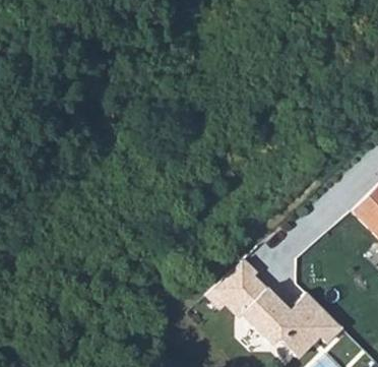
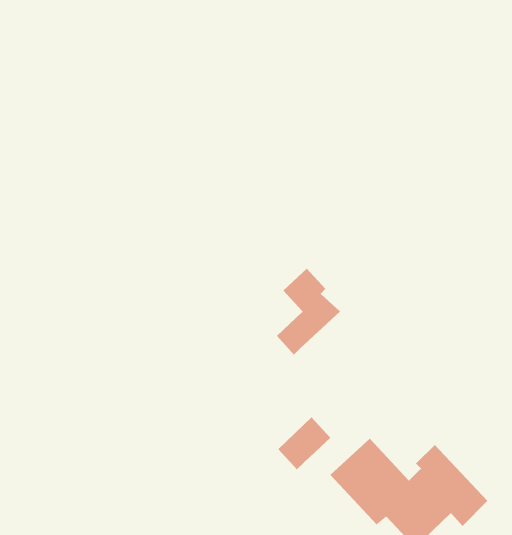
building: [226,260,266,315] -> [276,268,341,355]

